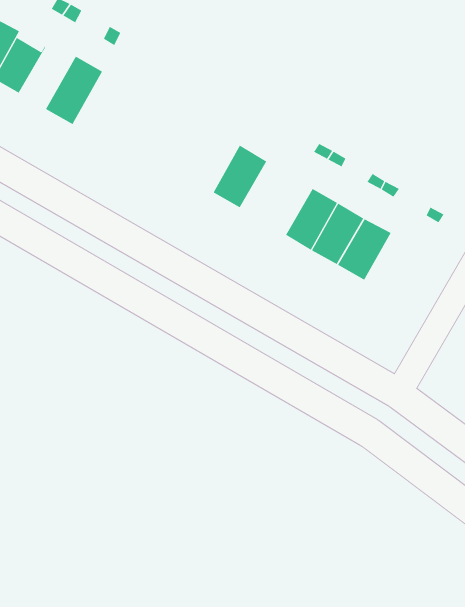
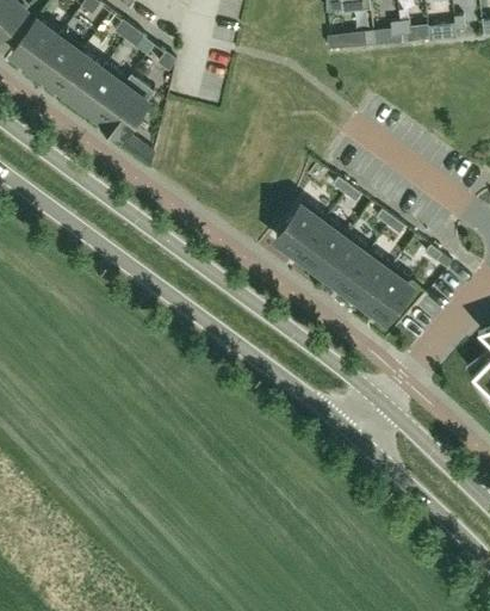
building: none -> [77,69,131,124]
building: [213,145,267,208] -> [275,204,327,260]
building: none -> [364,270,415,326]

